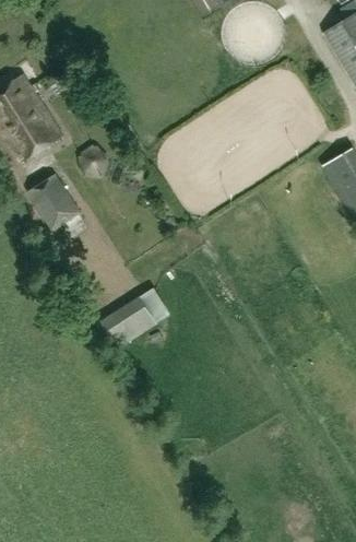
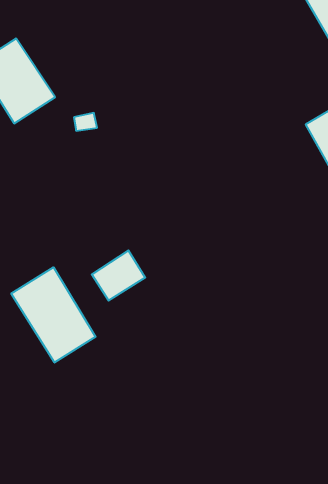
building: [26,173,80,231] -> none
building: none -> [11,267,96,363]

